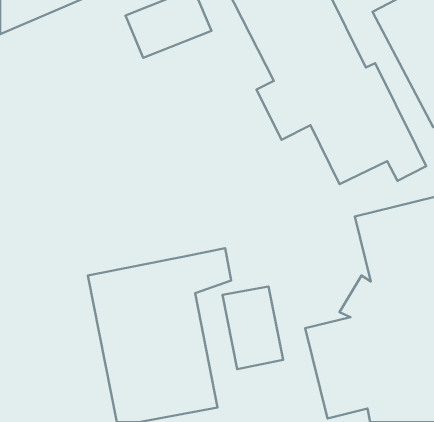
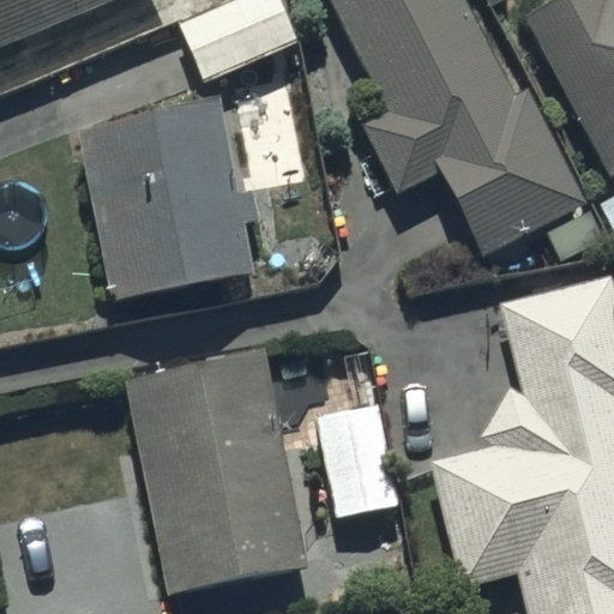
building: none -> [79,103,260,307]

